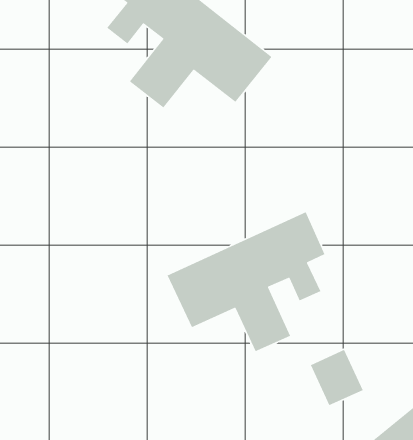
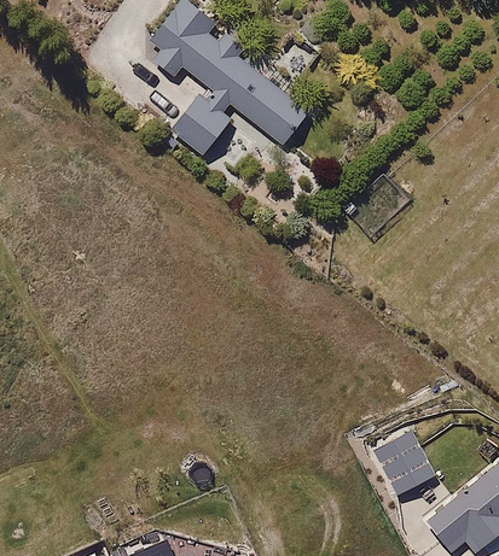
building: [167,211,325,352] -> none

